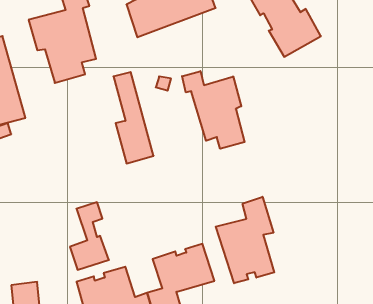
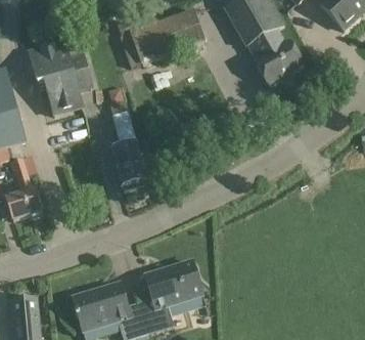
building: [182,71,245,149] -> none
building: [216,197,274,283] -> none
building: [70,202,109,270] -> [6,156,43,219]

